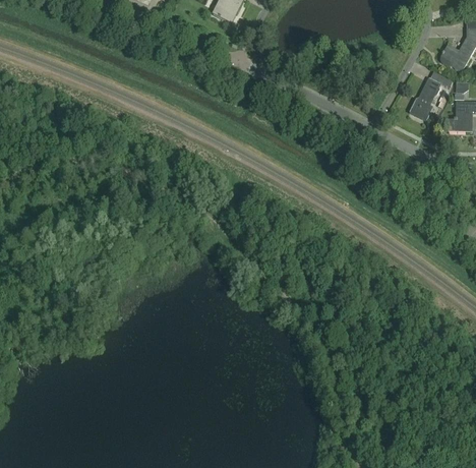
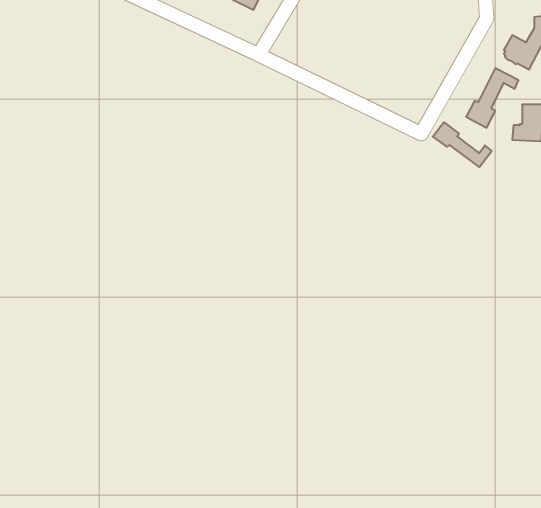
building: none -> [433,122,492,167]

